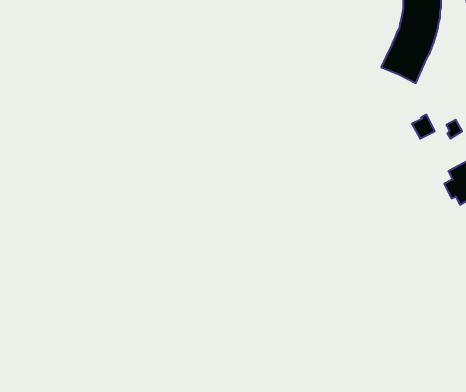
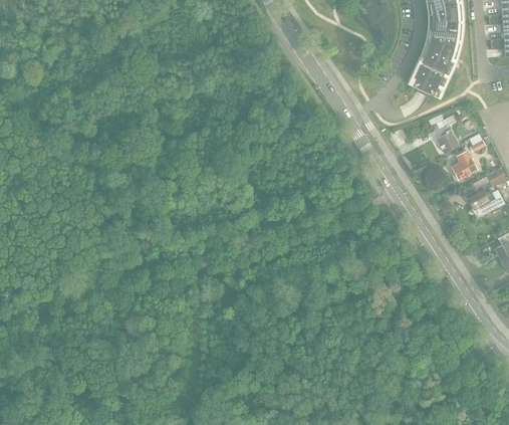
building: none -> [451,151,477,180]

